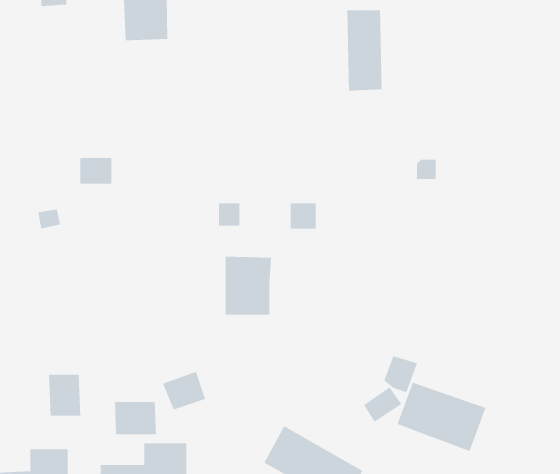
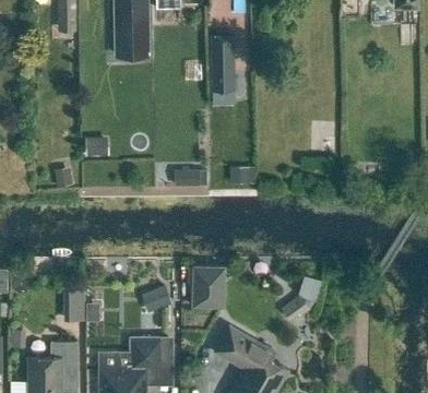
building: [347,10,382,91] -> [211,35,236,92]
building: [225,256,272,315] -> [194,265,227,307]
building: [397,382,486,452] -> none
building: [115,401,156,435] -> none

